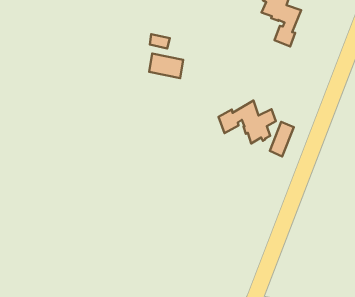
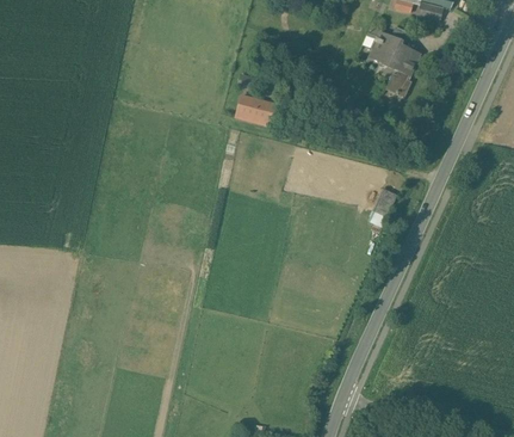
building: [219,100,276,144] -> none

